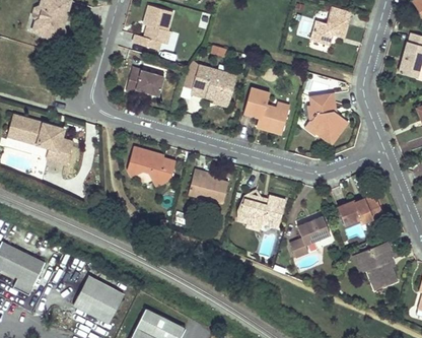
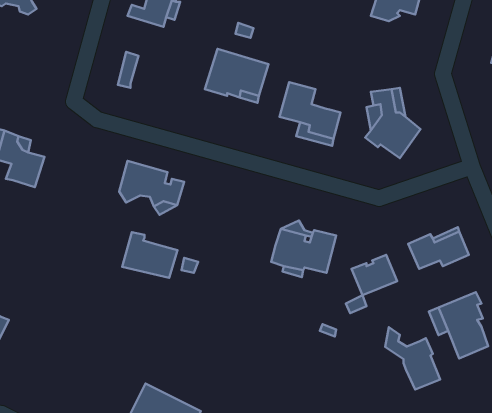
building: [134,68,162,94] -> none
building: [187,168,227,202] -> [122,232,178,278]
building: none -> [385,327,440,390]
building: [73,274,124,322] -> none

